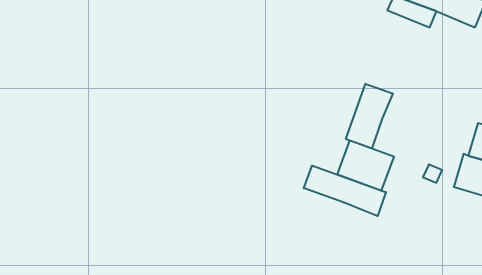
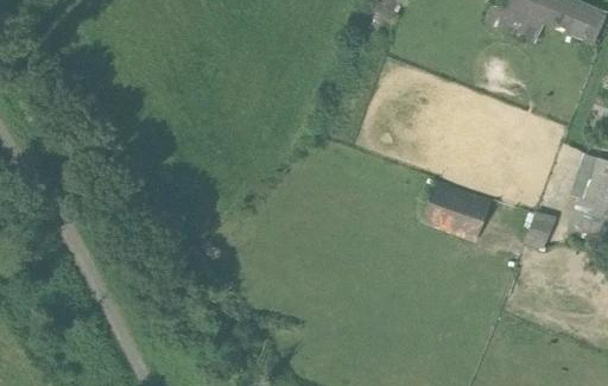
building: [346,84,393,149] -> none
building: [304,166,386,216] -> none

